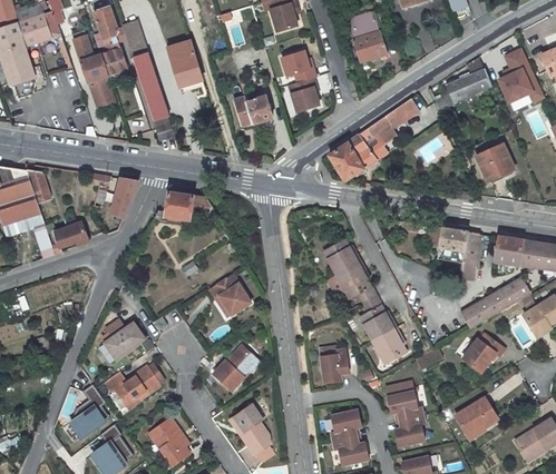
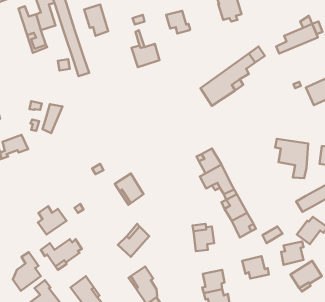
building: [287,77,319,110] -> none
building: [154,194,213,223] -> none
building: [394,415,426,447] -> [281,241,304,265]

